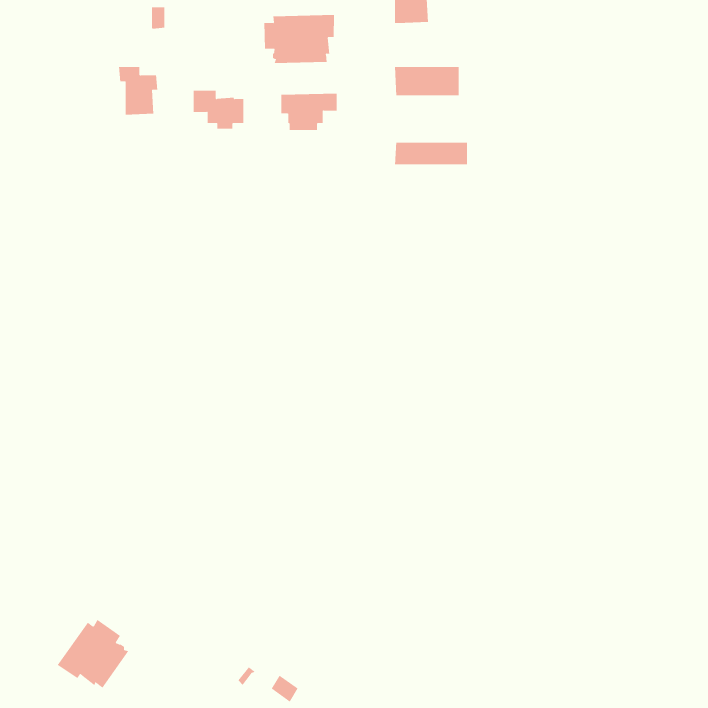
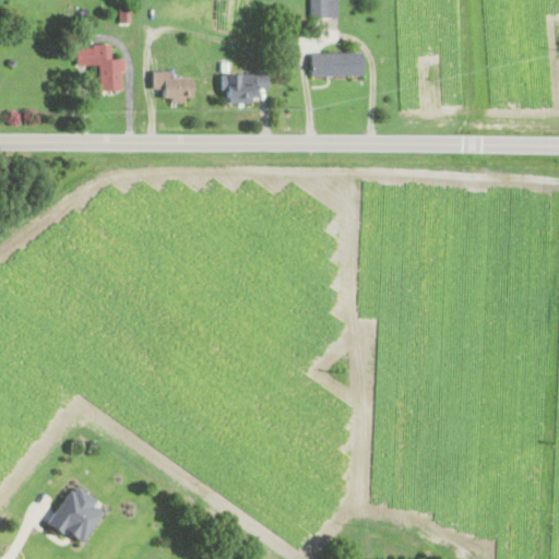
building: [264,14,334,64] -> none
building: [394,142,467,165] -> none

